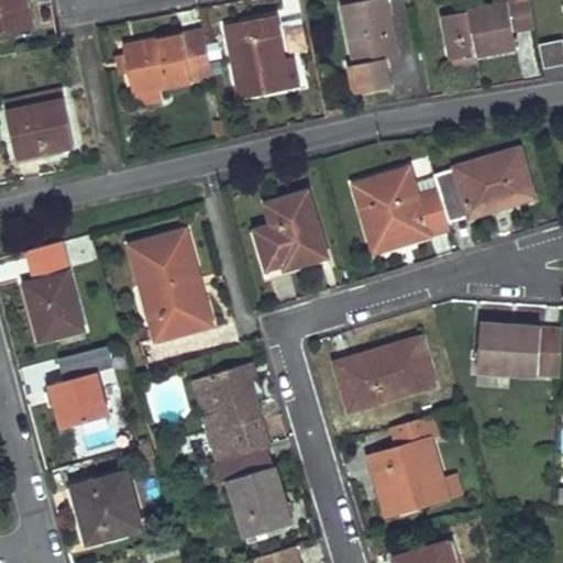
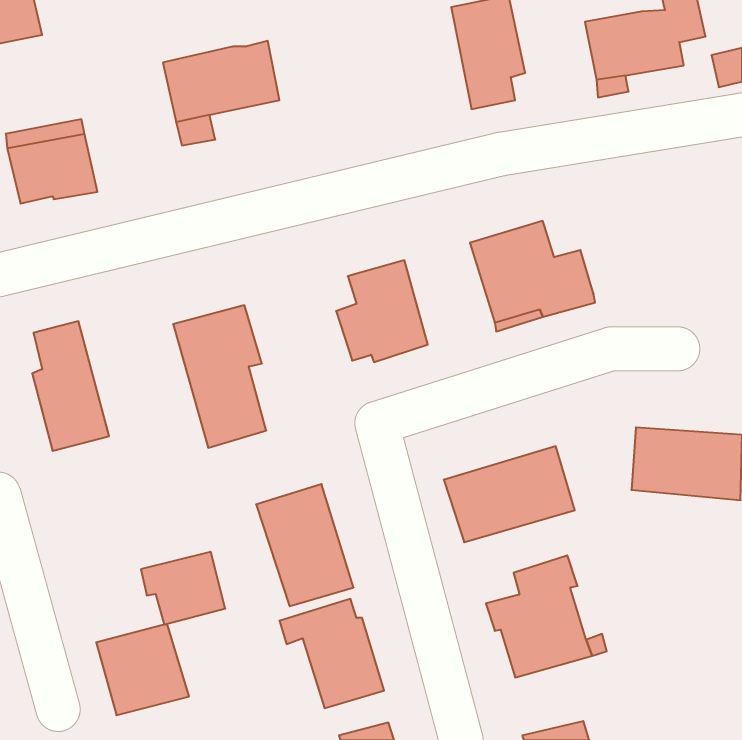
building: [225,18,289,97] -> none
building: [434,150,533,222] -> none
building: [44,372,108,427] -> [141,552,225,625]

